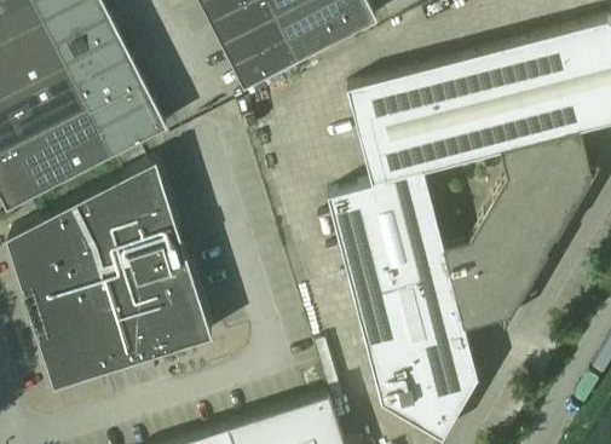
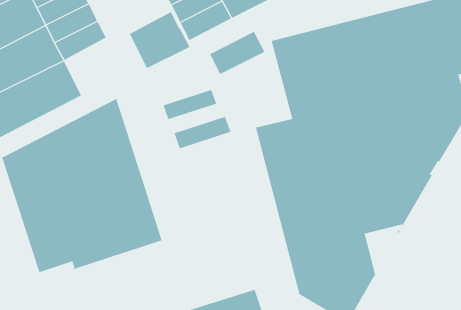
building: none -> [210,30,266,75]
building: [90,83,167,156] -> [129,11,191,69]
building: none -> [161,89,217,121]
building: none -> [174,116,233,149]

